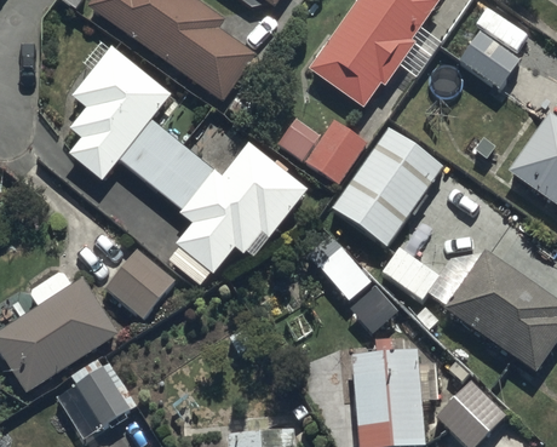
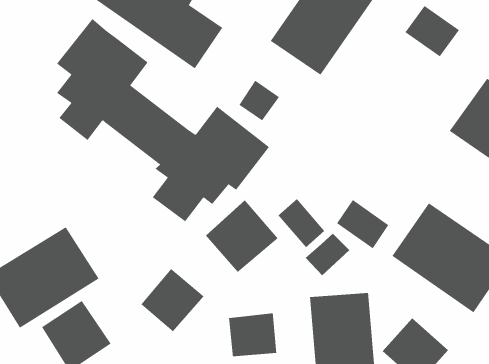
building: [305,118,369,184] -> none
building: [332,126,448,250] -> none
building: none -> [205,200,278,273]
building: [105,247,177,319] -> [141,268,205,332]
building: none -> [229,313,277,357]

